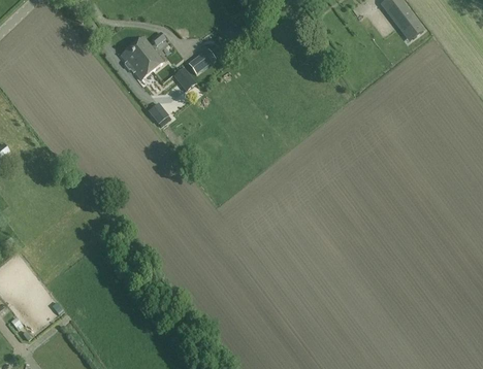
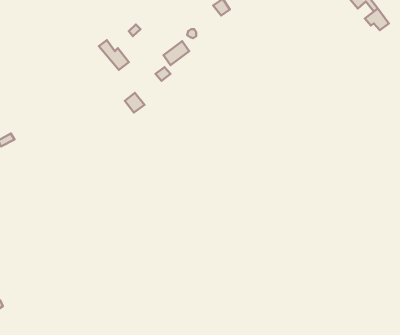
building: [128,36,162,70] -> none

